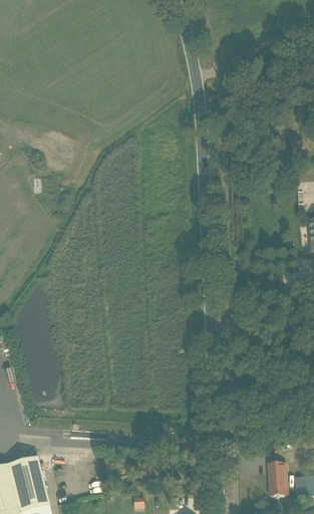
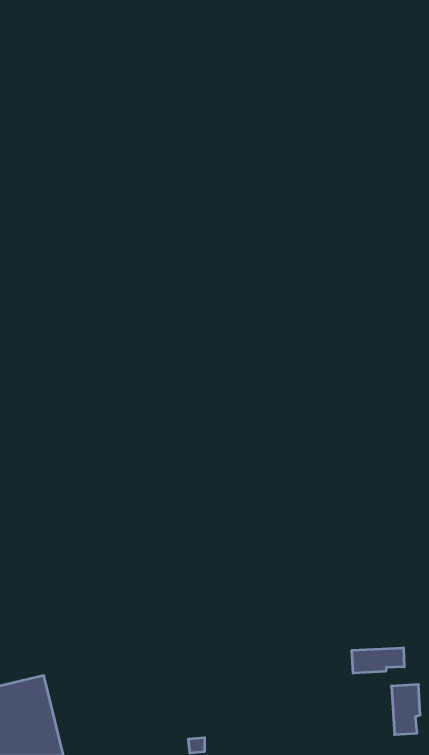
building: none -> [352,648,404,673]

